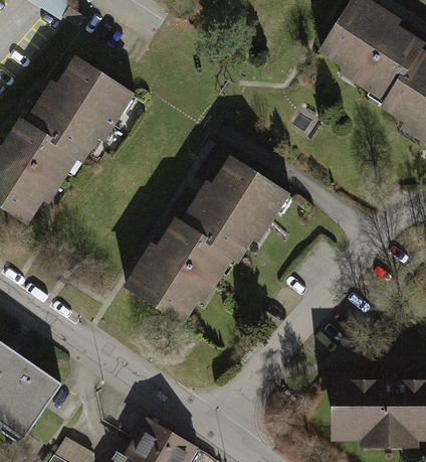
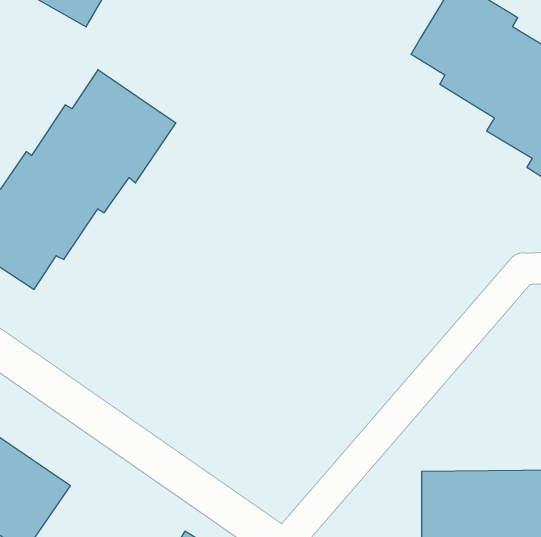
building: [122,152,289,322] -> none

